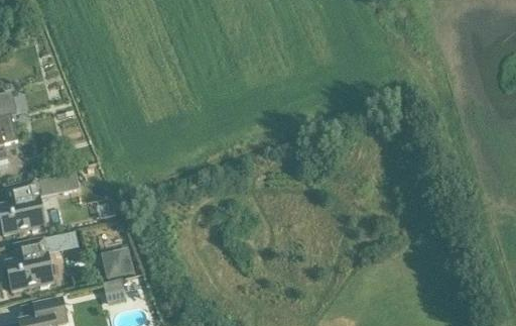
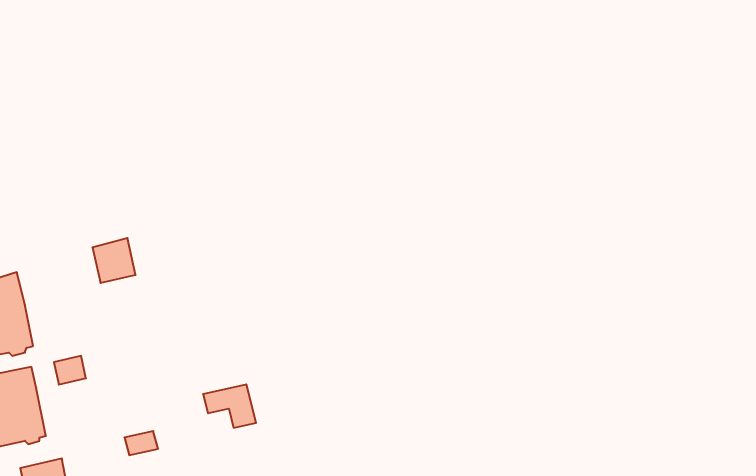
building: [51,168,79,196] -> [92,238,136,283]
building: [100,247,133,275] -> [203,384,256,428]

